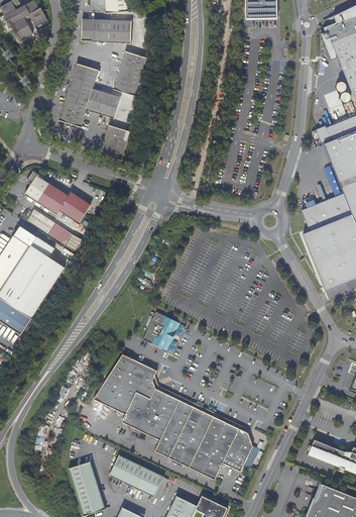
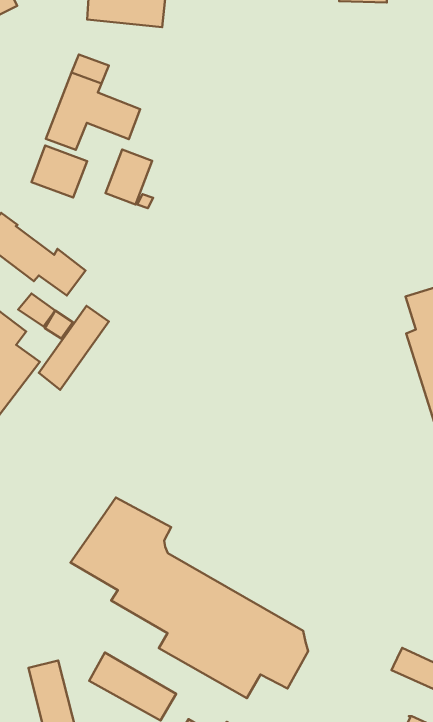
building: [115,50,147,95] -> none
building: none -> [31,146,87,198]
building: none -> [39,306,109,390]
building: [143,310,180,349] -> none

